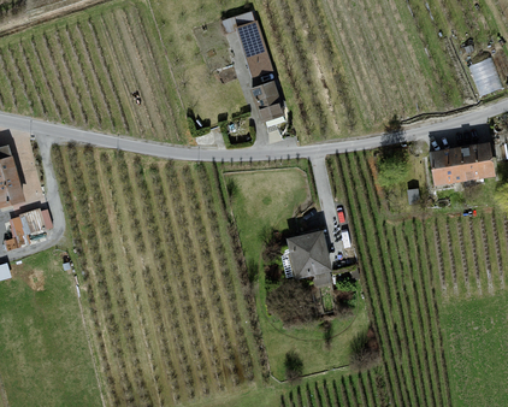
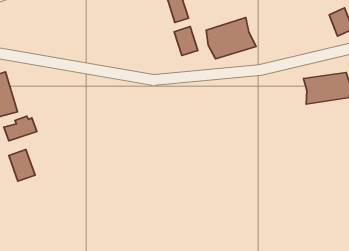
building: none -> [206,18,256,59]
building: [284,229,330,278] -> none
building: none -> [9,149,35,181]

